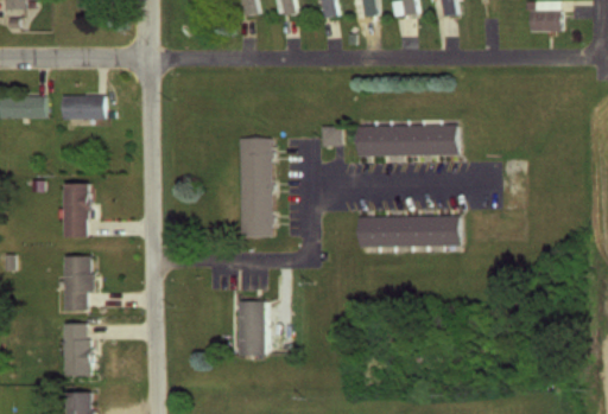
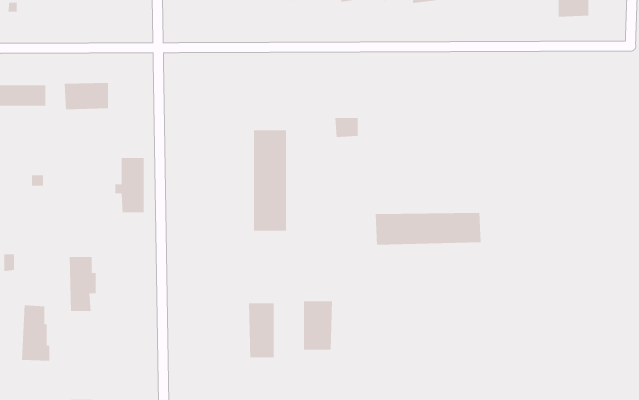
building: [356,125,458,155] -> none
building: [58,185,87,237] -> [114,158,145,213]
building: none -> [303,301,333,351]
building: [64,324,91,377] -> [21,305,50,361]

